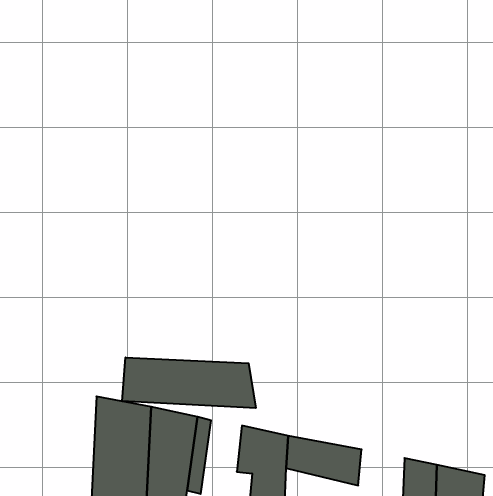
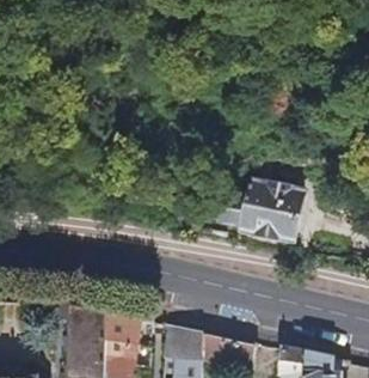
building: none -> [220,179,303,244]
building: [122,357,256,408] -> none

